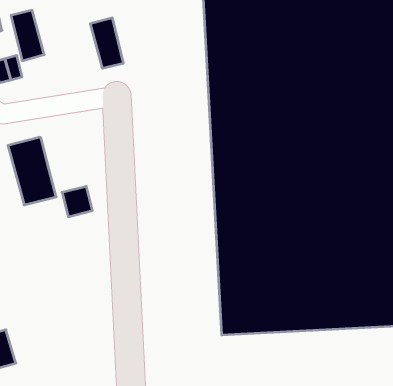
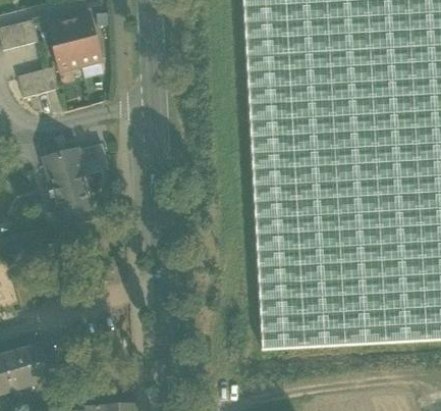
building: [90,18,123,68] -> [70,14,104,65]
building: [62,186,92,217] -> [79,144,110,174]

